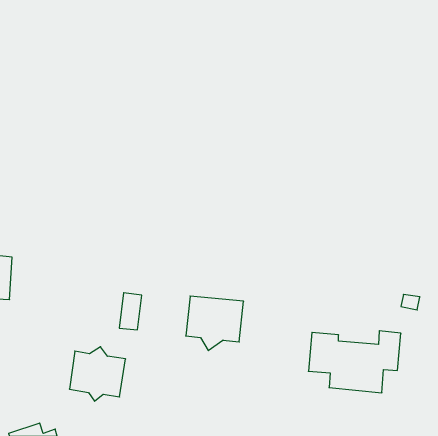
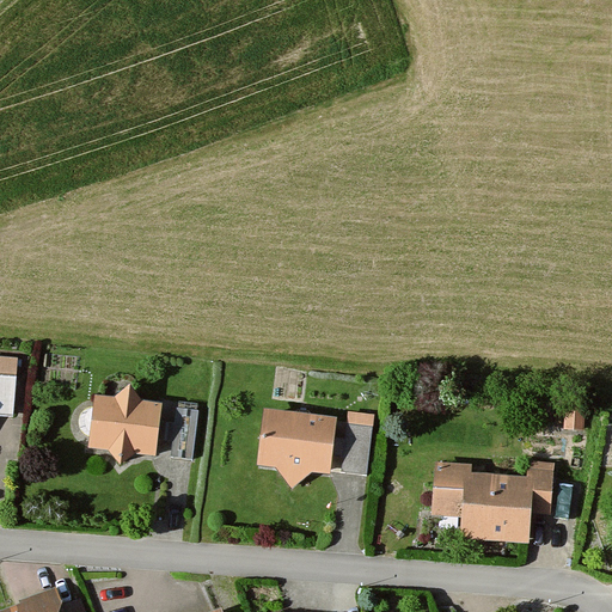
building: none -> [338,411,373,473]
building: [69,347,126,401] -> [87,387,165,463]

